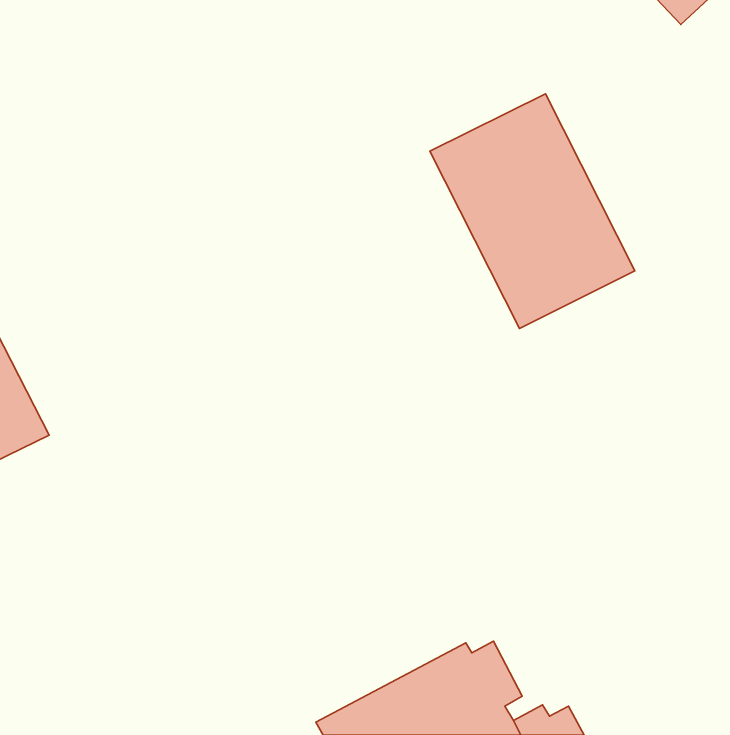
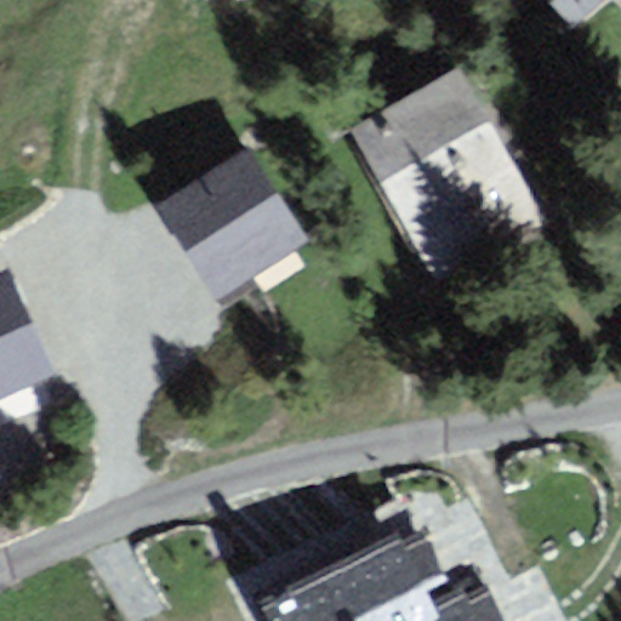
building: none -> [165,160,292,287]

